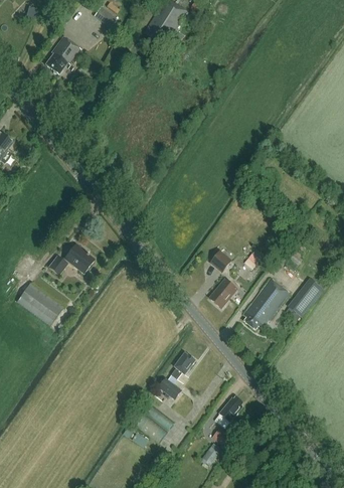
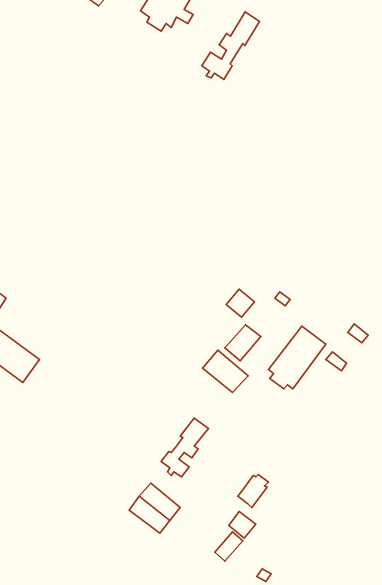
building: none -> [202,12,260,79]
building: [46,35,82,73] -> none
building: [48,242,95,274] -> none
building: none -> [202,350,248,392]

